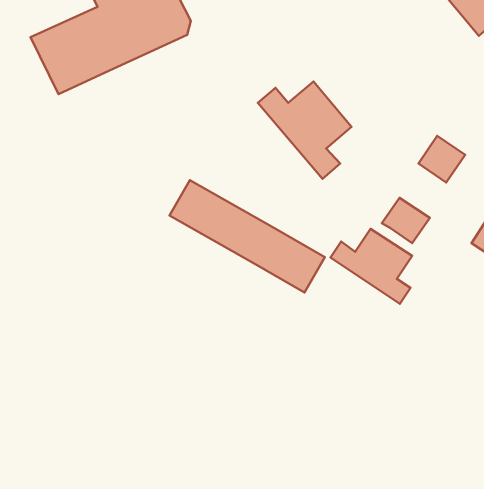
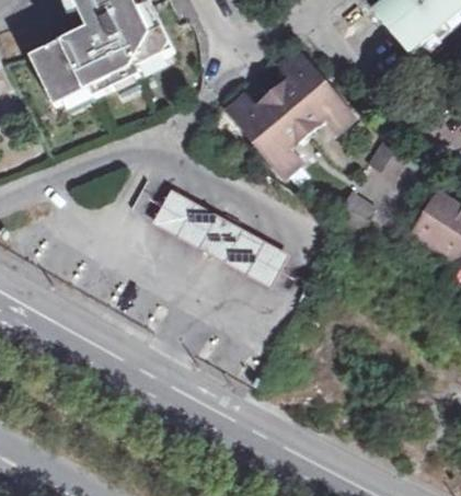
building: none -> [275,54,350,132]
building: [330,229,412,304] -> none

